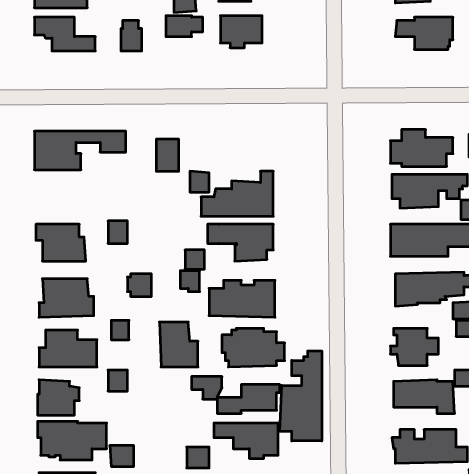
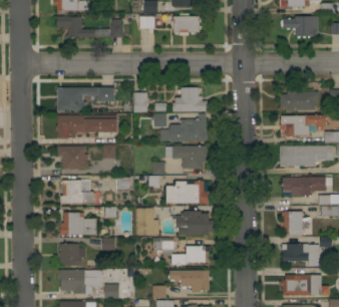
building: none -> [173,87,208,111]
building: none -> [56,116,117,138]
building: [280,351,322,441] -> none

